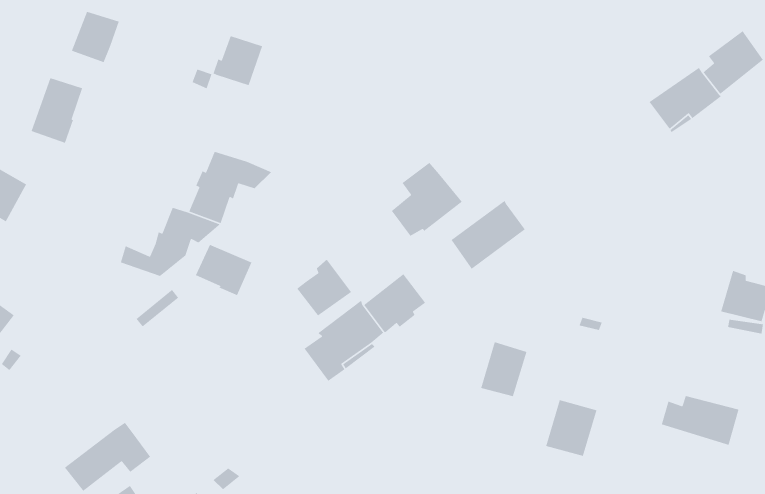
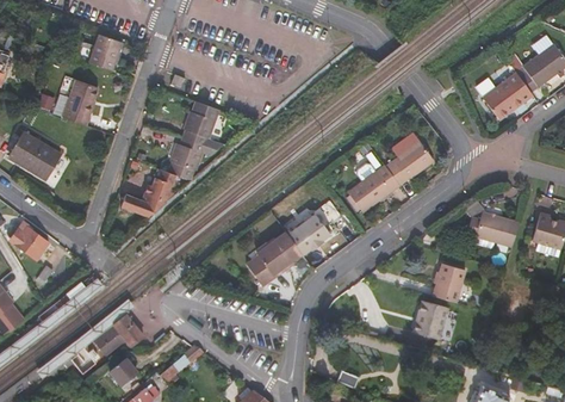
building: [213,35,263,86] -> [184,101,218,136]
building: [391,162,463,237] -> [385,131,434,183]
building: [195,244,252,296] -> none
building: [296,259,352,316] -> none
building: [480,341,527,397] -> [431,261,464,299]
building: [661,395,740,446] -> [465,210,519,245]

